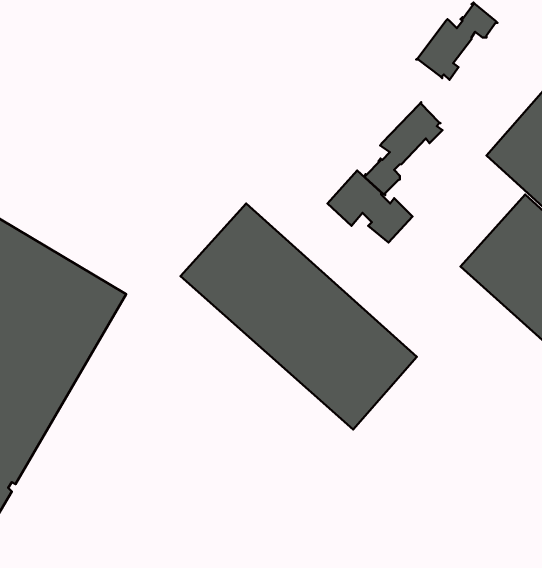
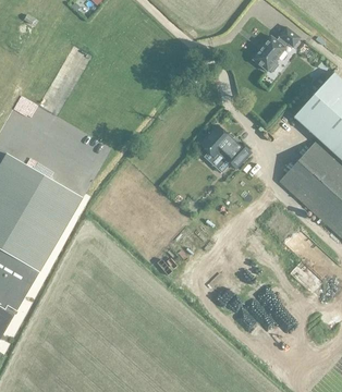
building: [364,102,443,195] -> none
building: [180,203,417,429] -> none

